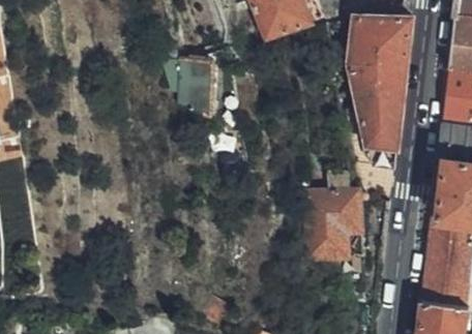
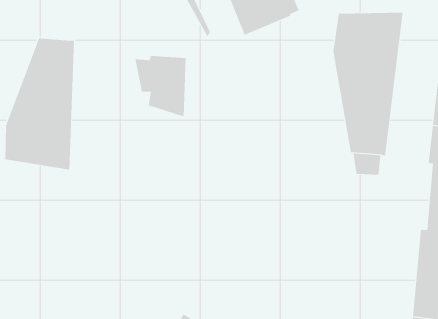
building: none -> [5,37,75,170]
building: [299,172,361,261] -> none

